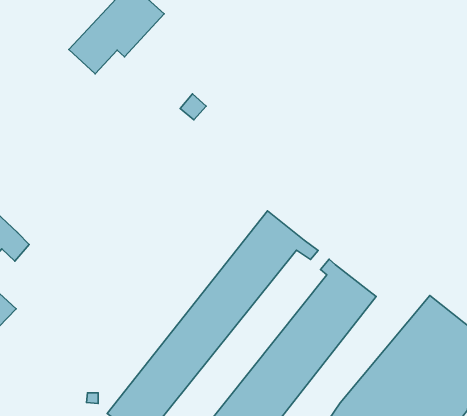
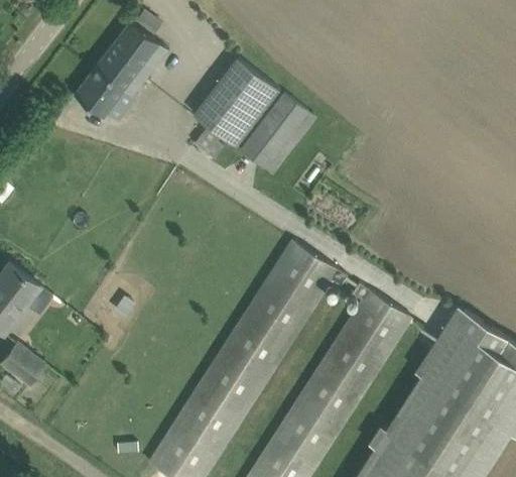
building: none -> [195,58,280,148]
building: none -> [240,94,317,176]

